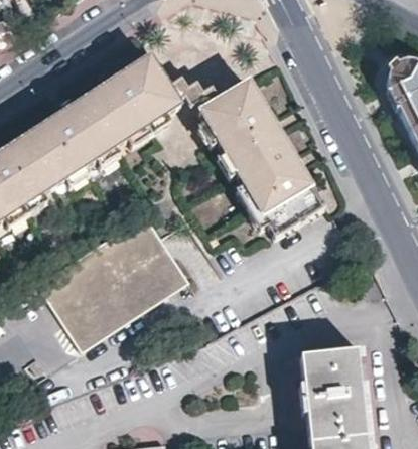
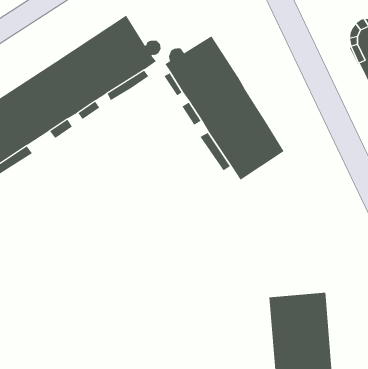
building: [38,206,197,350] -> none

